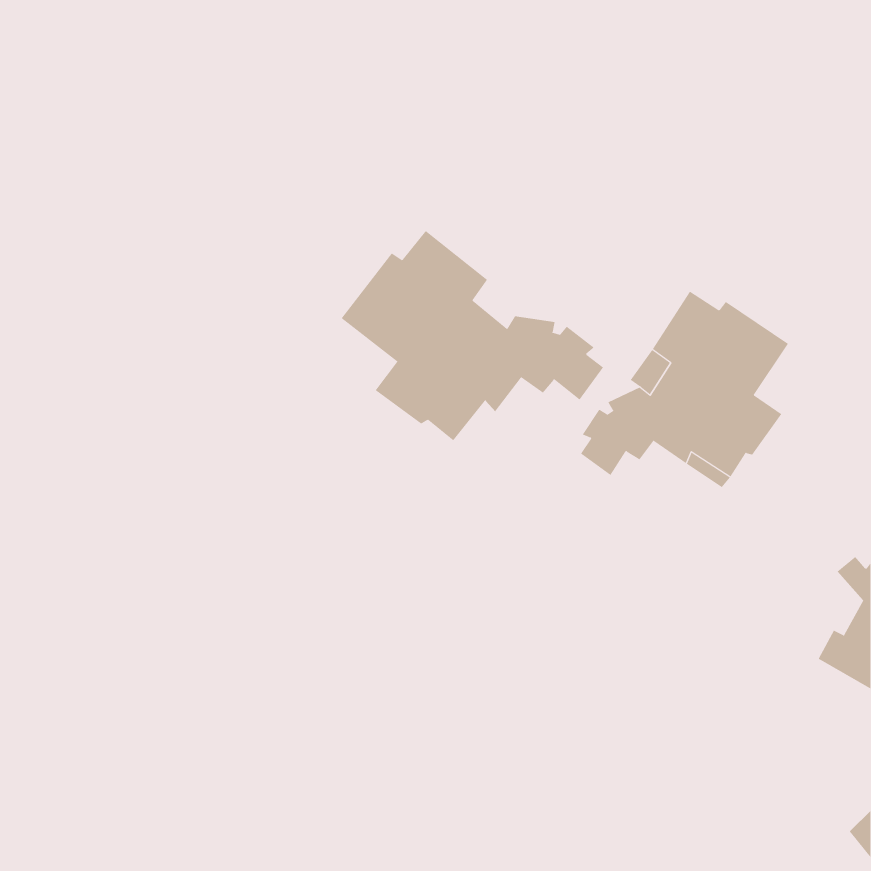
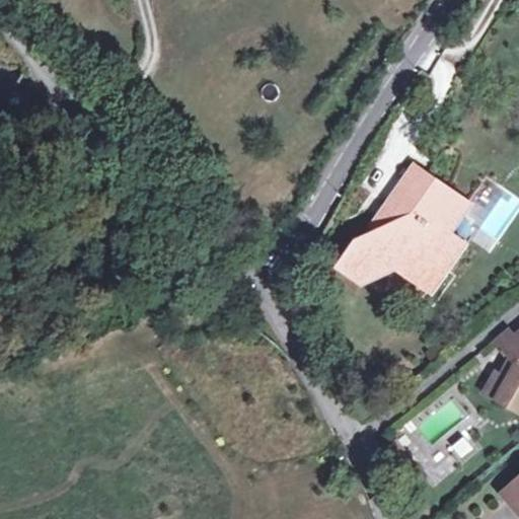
building: [341,230,604,441] -> none

